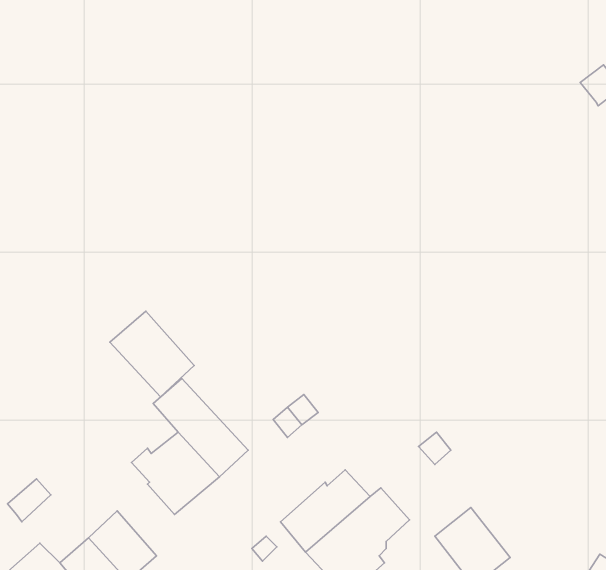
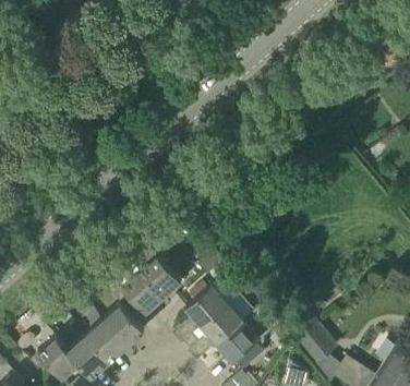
building: [110,311,194,397] -> none
building: none -> [184,282,227,324]
building: none -> [100,301,143,345]

